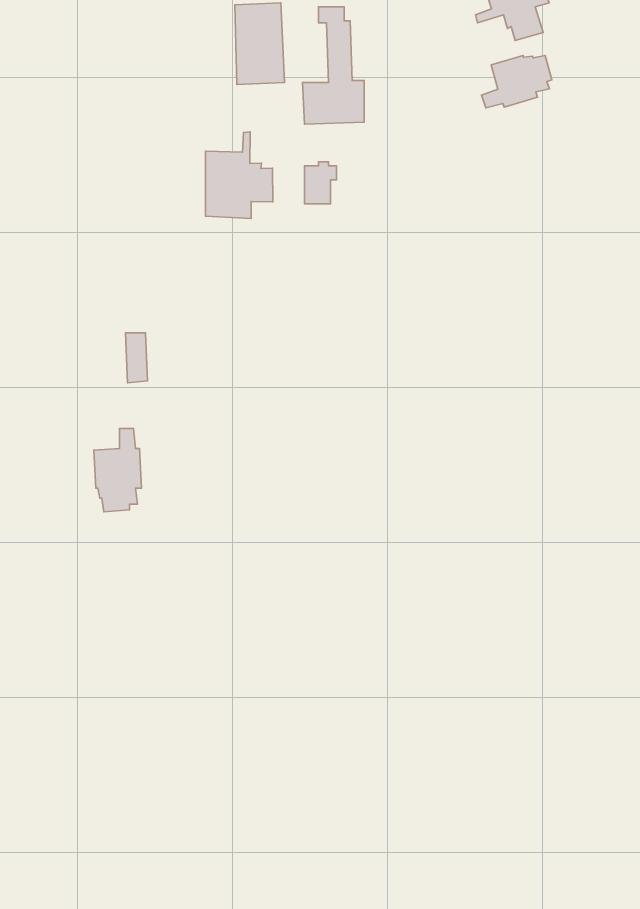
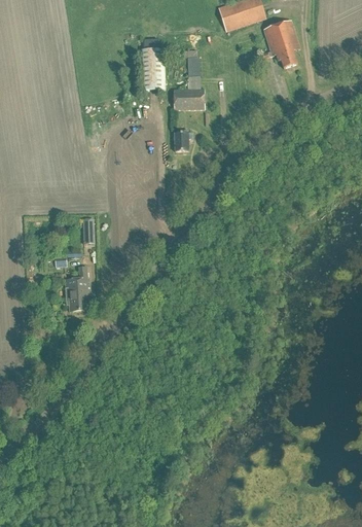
building: [481,55,552,108] -> none
building: [206,132,273,219] -> none

